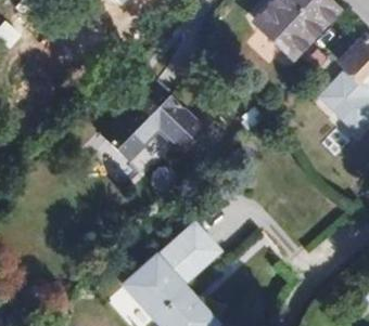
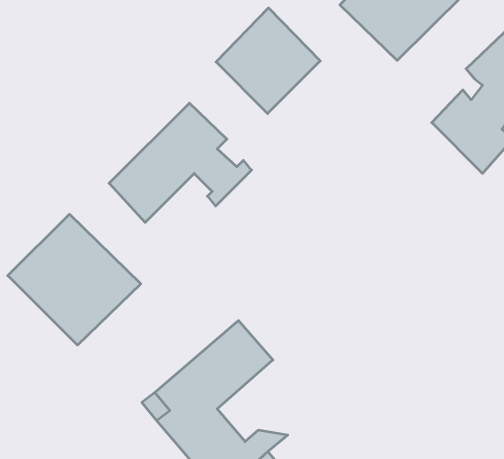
building: none -> [216,8,320,114]
building: none -> [8,214,141,345]

